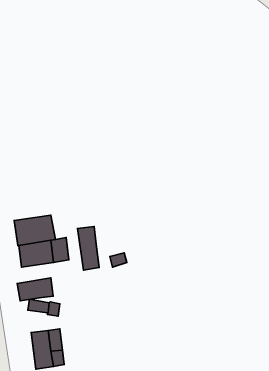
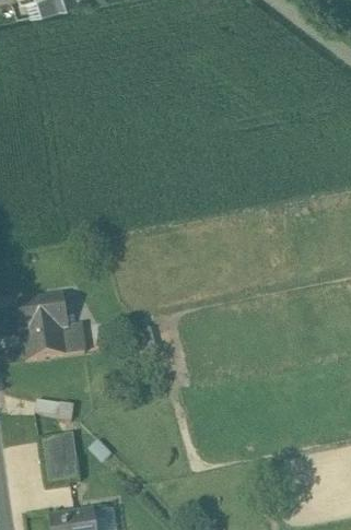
building: [78,226,99,270] -> none
building: [17,278,53,301] -> none

